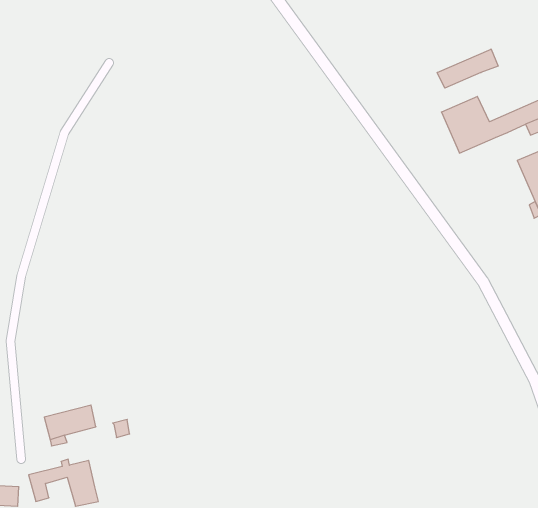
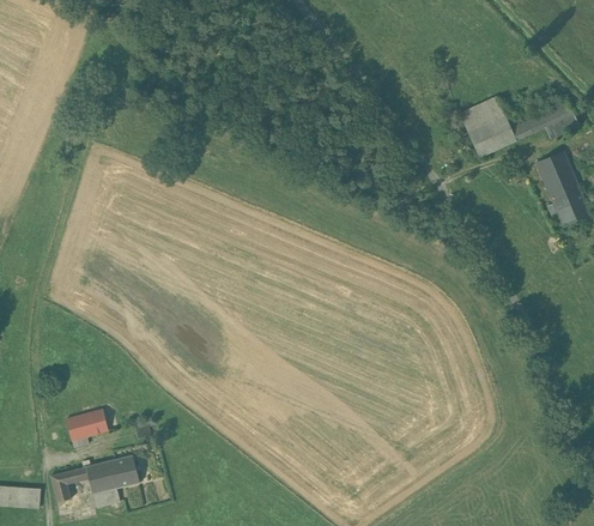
building: [437,49,498,88] -> none
building: none -> [109,455,139,488]

